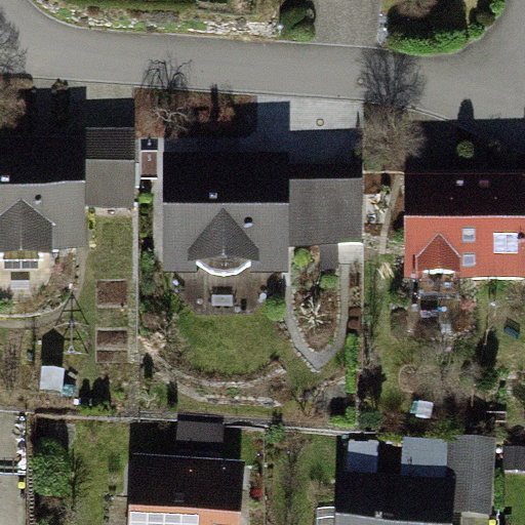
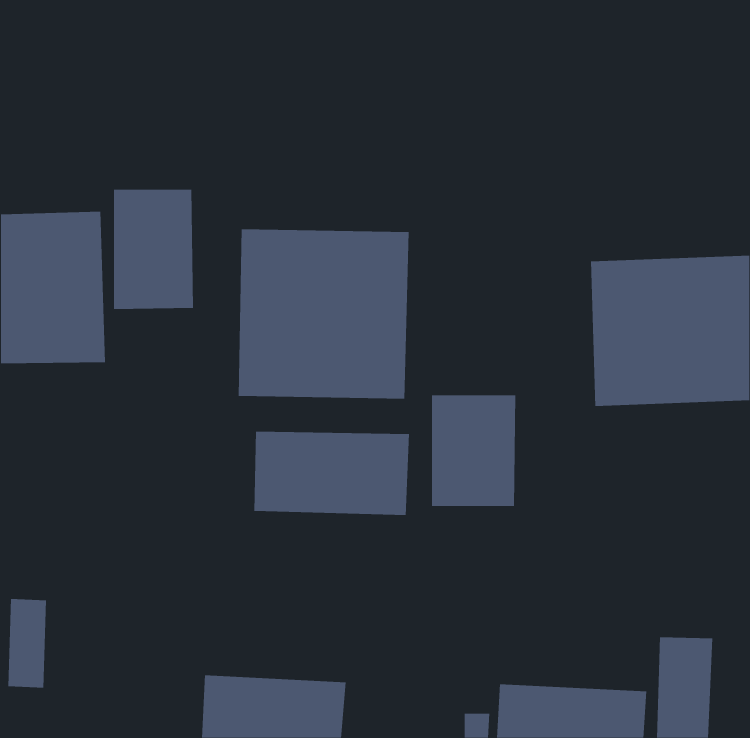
building: [295,169,355,247] -> [431,395,516,506]
building: none -> [254,431,409,516]

